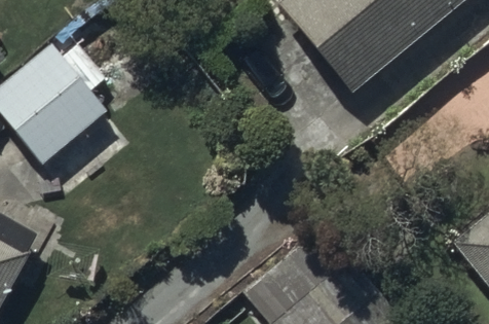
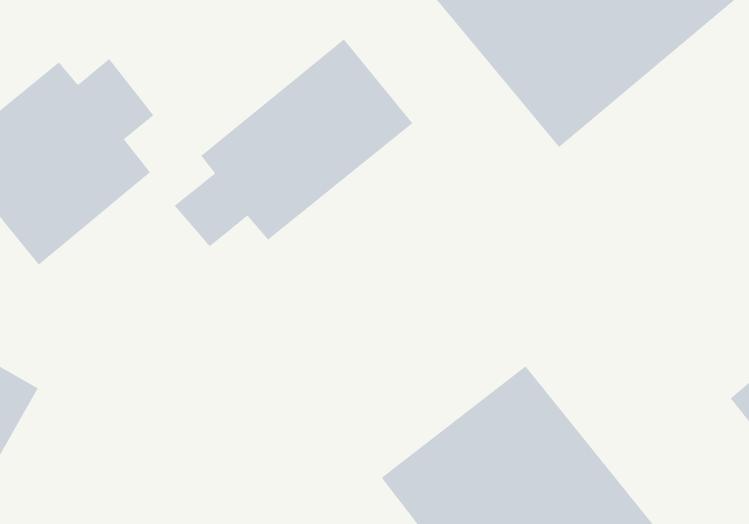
building: none -> [174,39,413,247]

